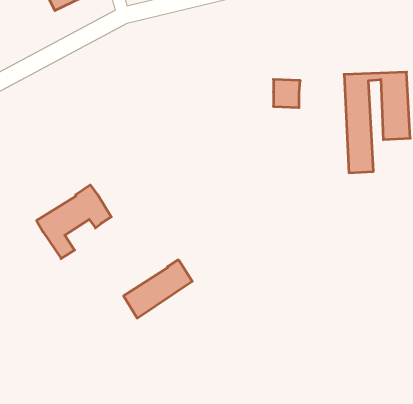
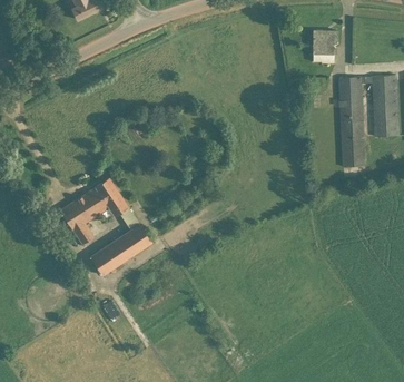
building: [273,79,300,108] -> [313,30,337,56]
building: [124,260,192,318] -> [90,224,152,276]

